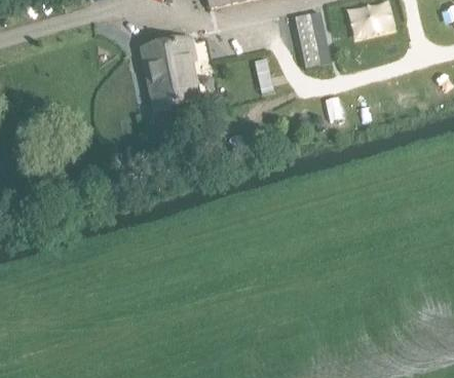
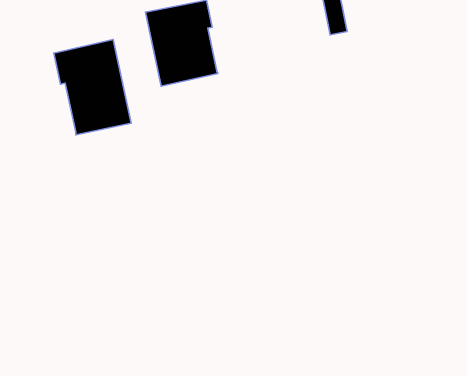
building: none -> [54,40,131,135]

